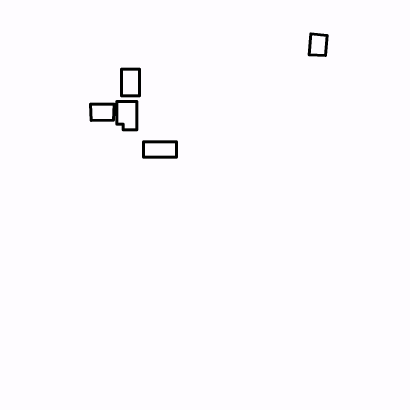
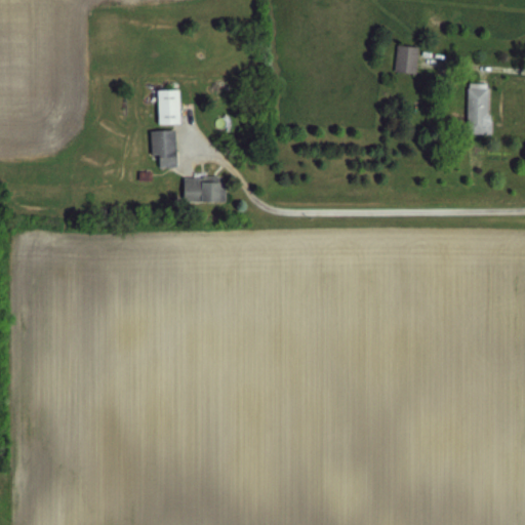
building: none -> [469,83,489,134]
building: [91,104,114,120] -> none

